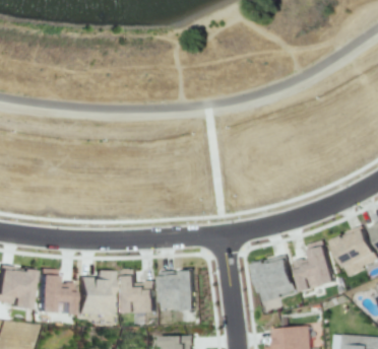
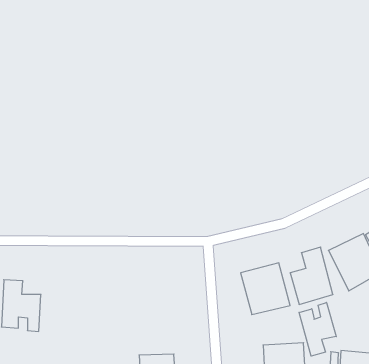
building: [159,269,196,311] -> none
building: [75,270,113,317] -> none
building: [119,277,152,313] -> none
building: none -> [299,302,336,356]

